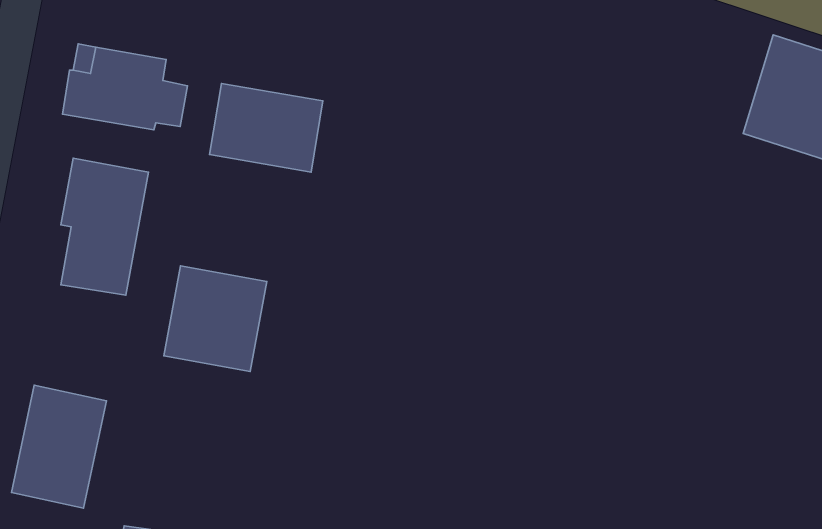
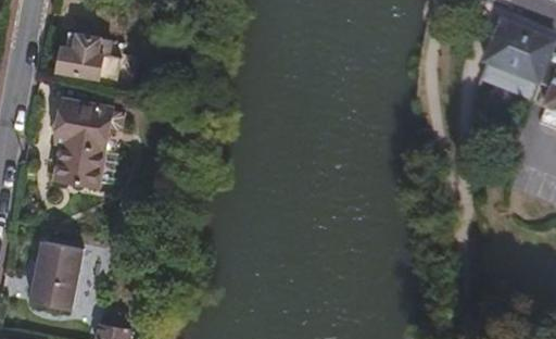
building: [210,83,323,172] -> none
building: [164,266,267,372] -> none

